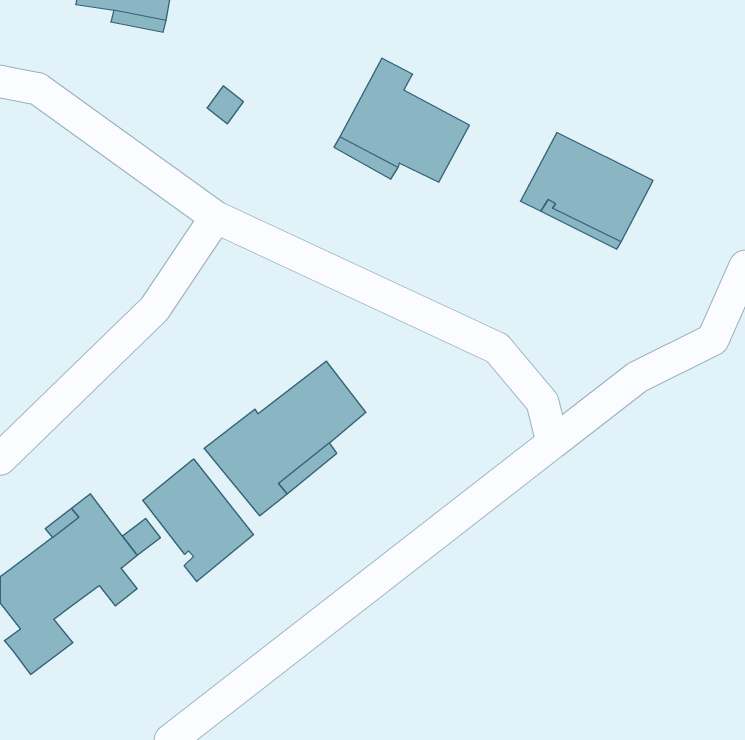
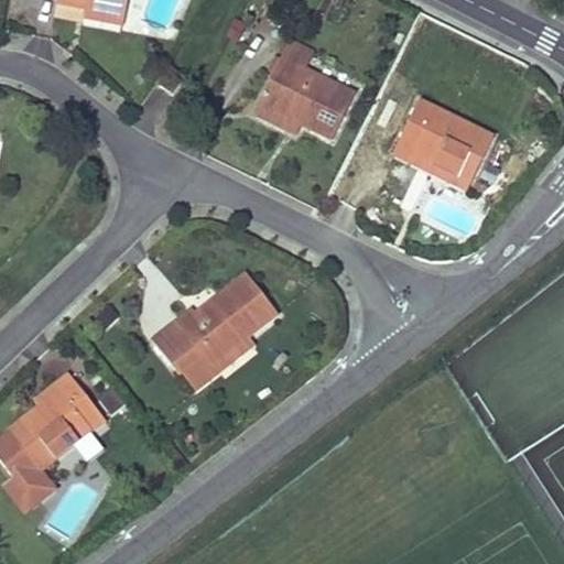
building: [143,459,253,582] -> none

